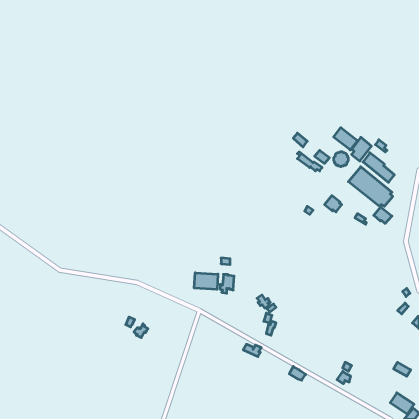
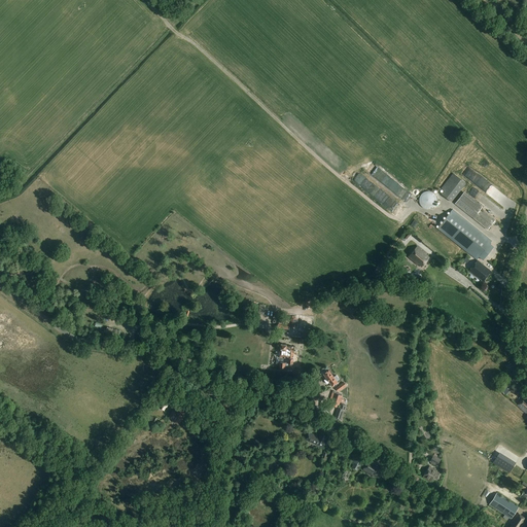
building: [334,128,357,150] -> none
building: [194,273,218,289] -> none

